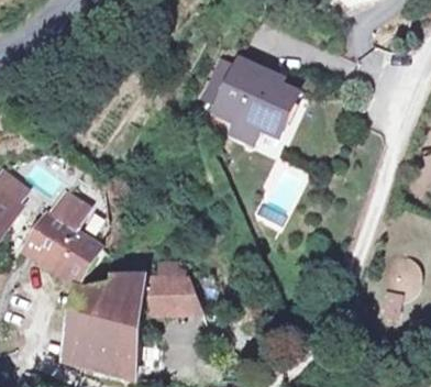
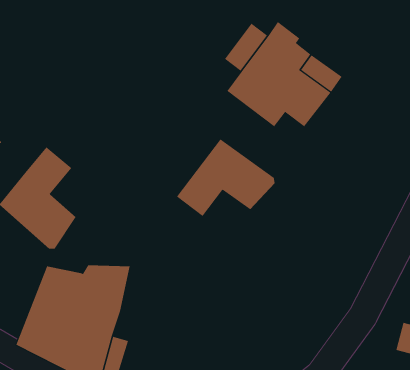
building: none -> [176,139,275,217]
building: [143,275,194,316] -> none

